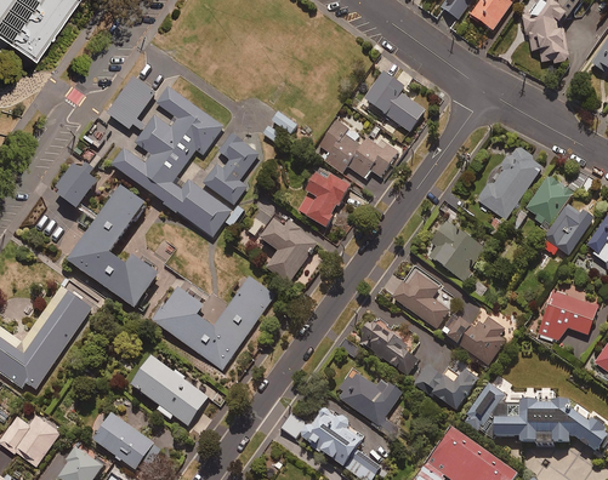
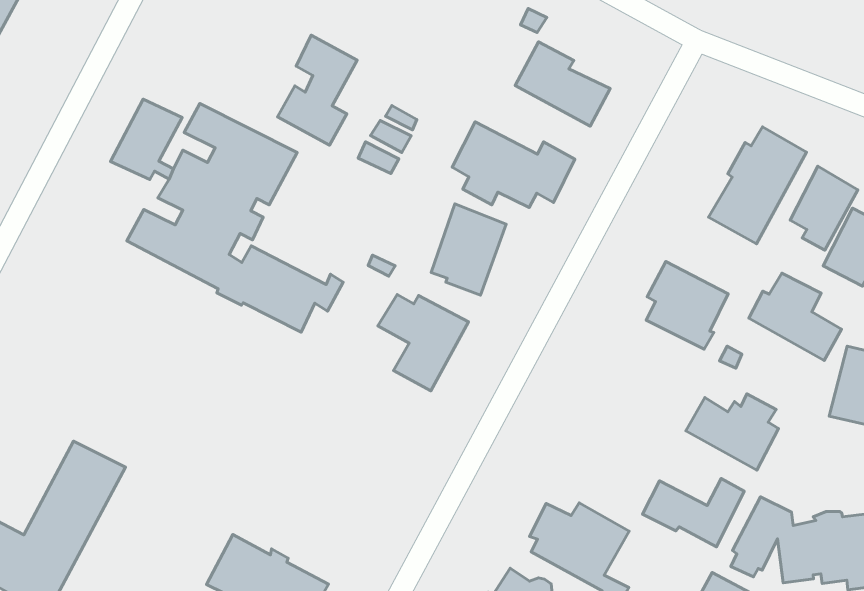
building: [203,133,257,204] -> [277,35,357,145]
building: [58,165,98,211] -> none
building: [69,189,159,309] -> none
building: [391,267,448,325] -> [749,273,841,361]
building: [154,278,274,370] -> none
building: [358,315,417,371] -> none

